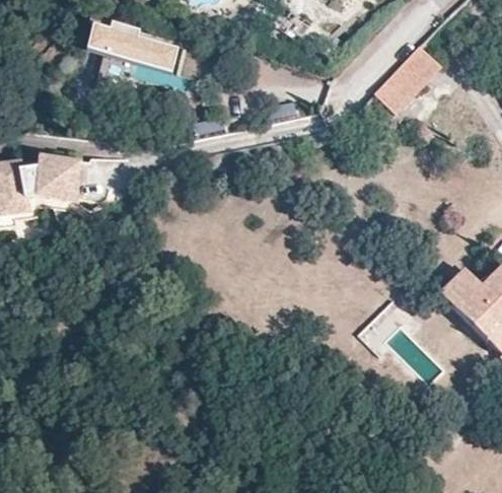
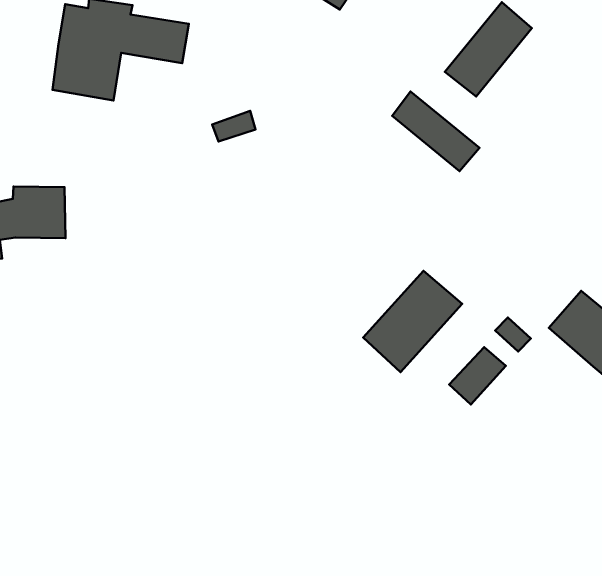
building: none -> [392,92,479,171]
building: none -> [363,271,462,372]

